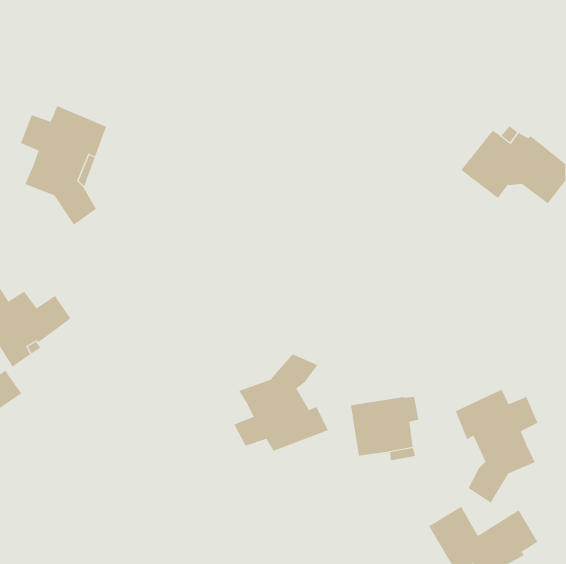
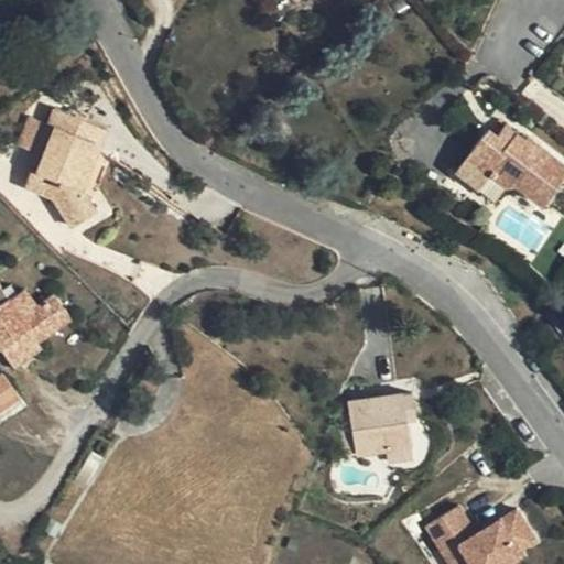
building: [233,353,329,452] -> none
building: [455,389,538,503] -> none

